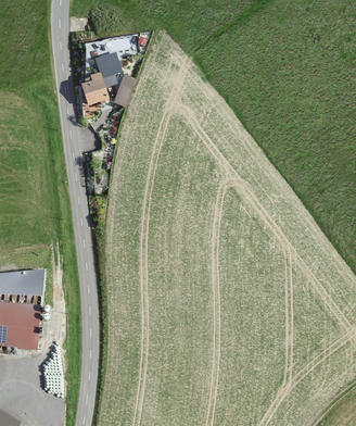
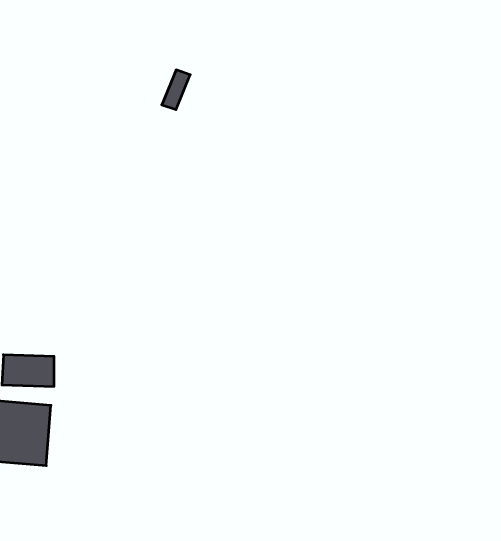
building: [84,42,119,104] -> none

